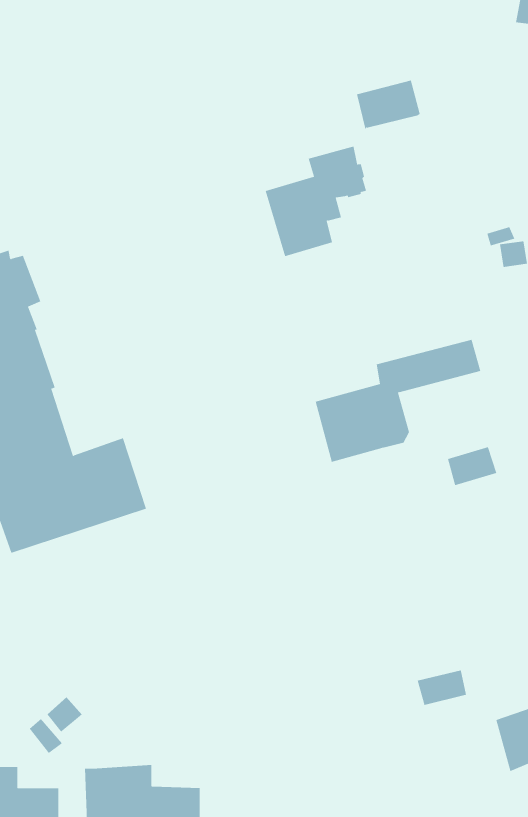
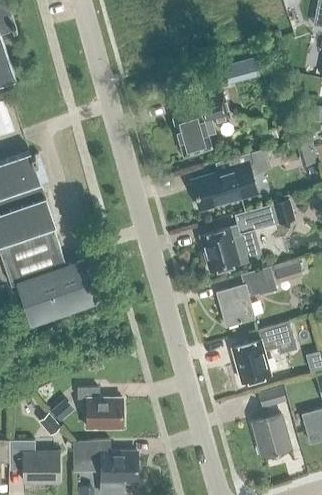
building: none -> [191,151,270,212]
building: none -> [216,270,276,329]
building: none -> [232,324,296,385]
building: none -> [78,390,122,430]
building: none -> [252,416,291,459]

